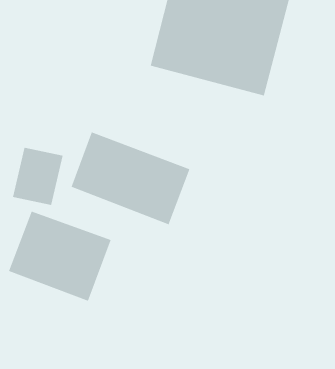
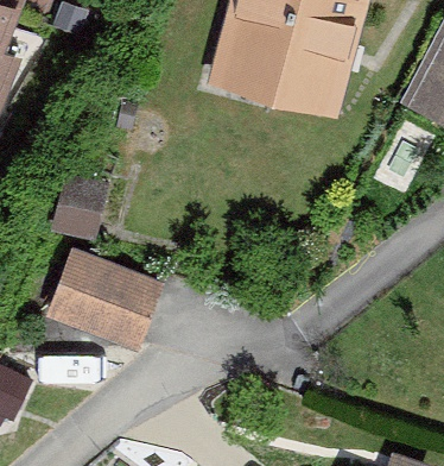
building: [71,132,190,225] -> none

